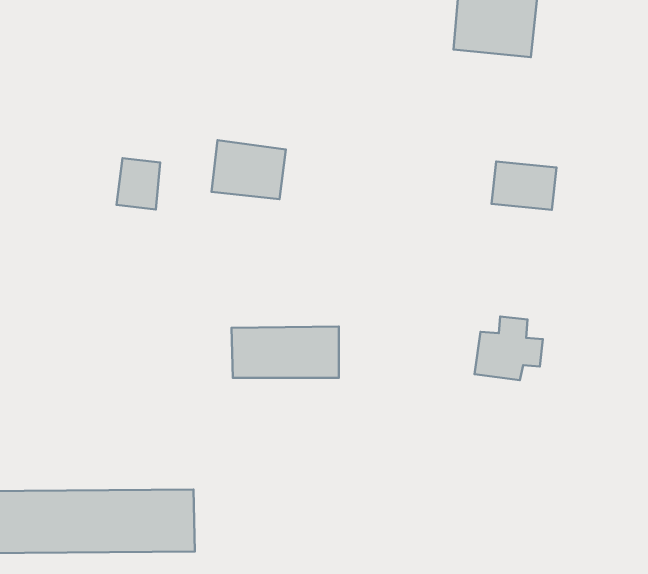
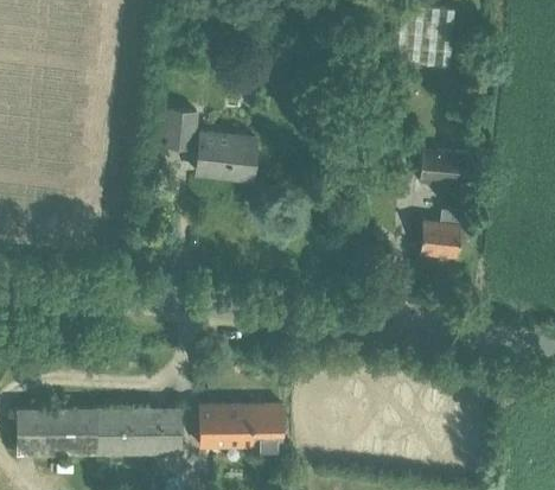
building: [116,158,160,209] -> [164,109,198,149]
building: [475,317,543,380] -> [421,208,474,257]
building: [231,326,339,378] -> [199,406,283,446]

